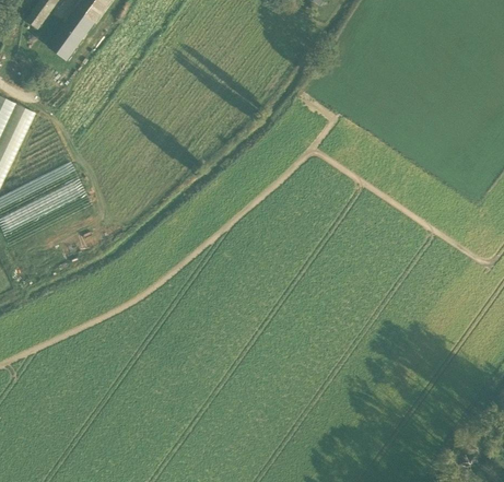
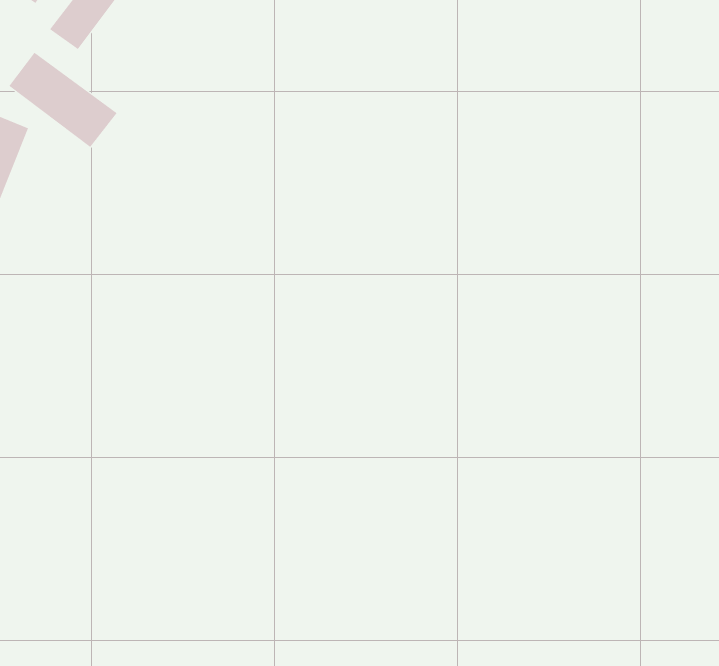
building: none -> [9,52,118,148]

